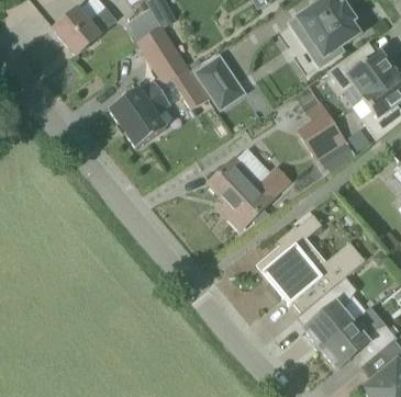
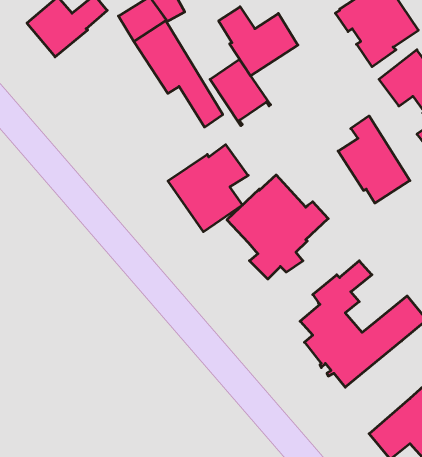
building: none -> [219,7,298,76]
building: [108,79,170,147] -> [168,145,248,232]
building: [296,275,356,348] -> none

